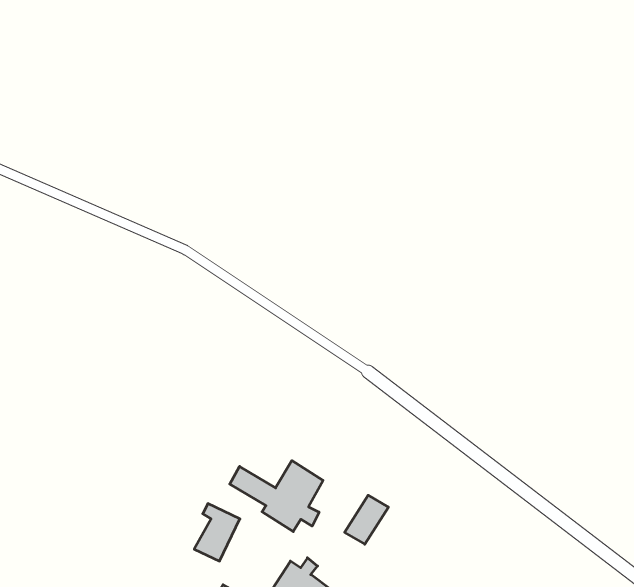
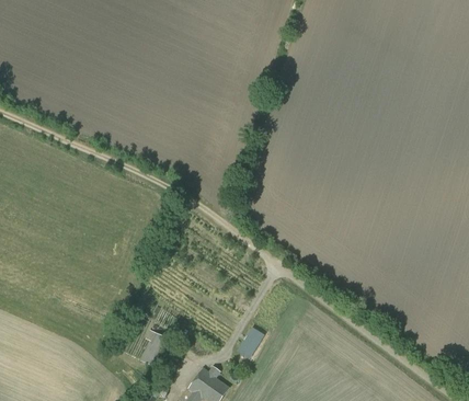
building: [230,461,323,532] -> none

